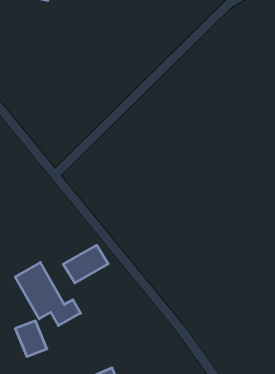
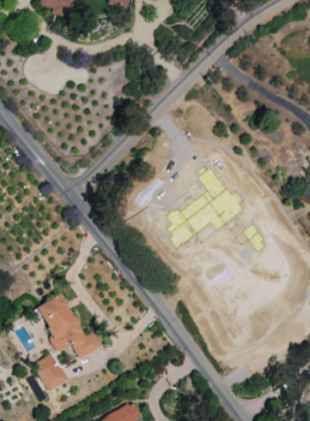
building: [63,245,108,283] -> none

